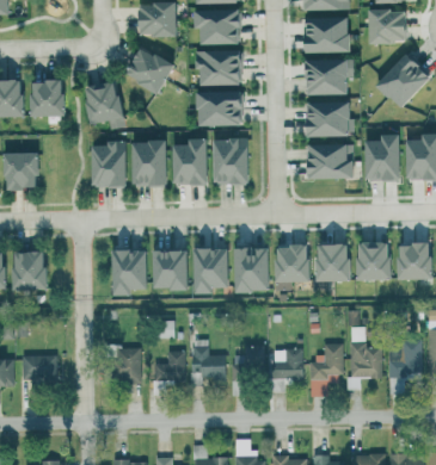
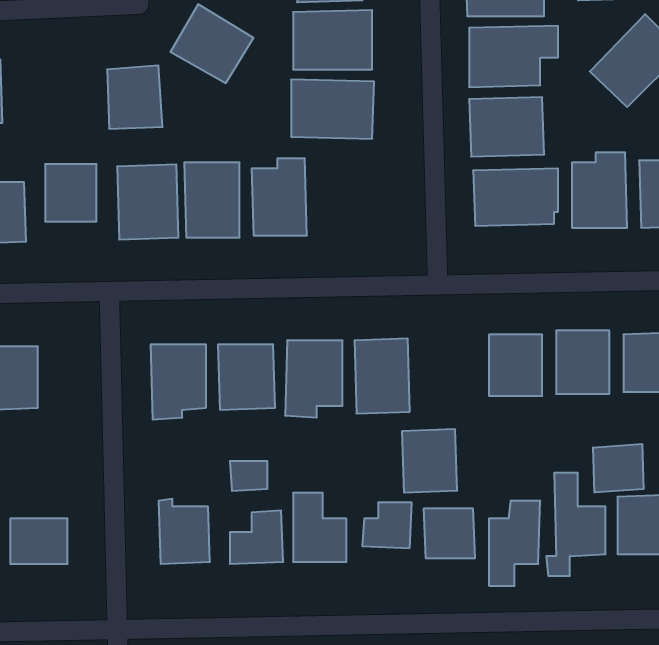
building: [29,81,60,116] -> [45,164,97,221]
building: [211,138,251,184] -> none
building: [274,244,307,283] -> [402,429,457,493]
building: none -> [593,444,644,493]

